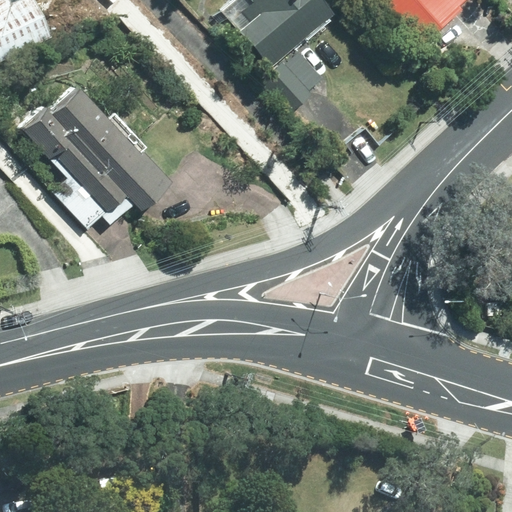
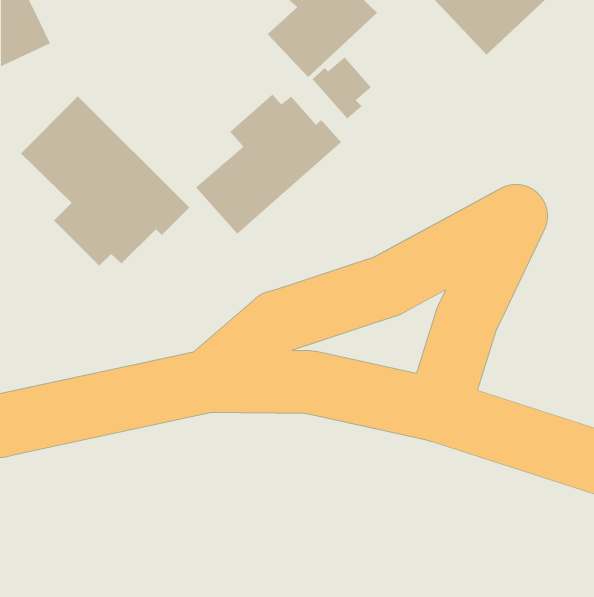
building: none -> [195,94,342,235]

